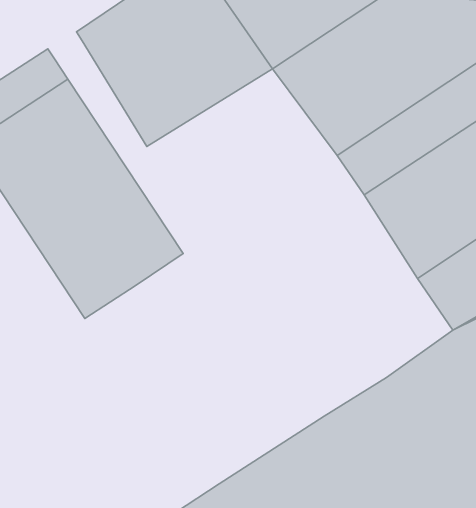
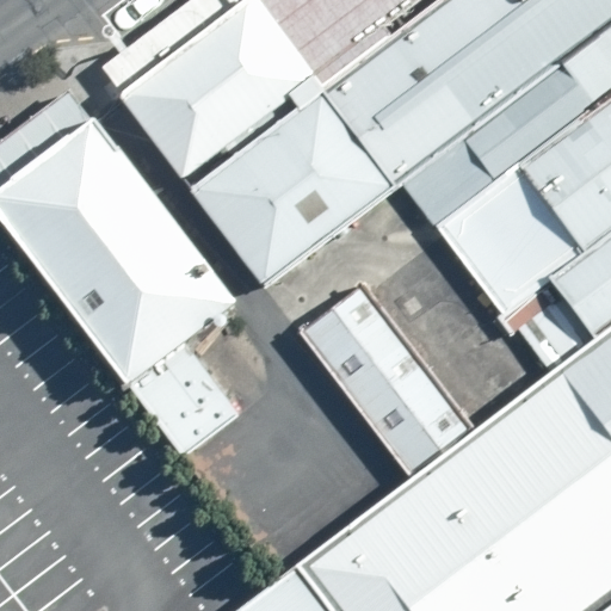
building: none -> [189,94,403,288]
building: none -> [302,288,477,480]
building: none -> [134,348,243,461]

